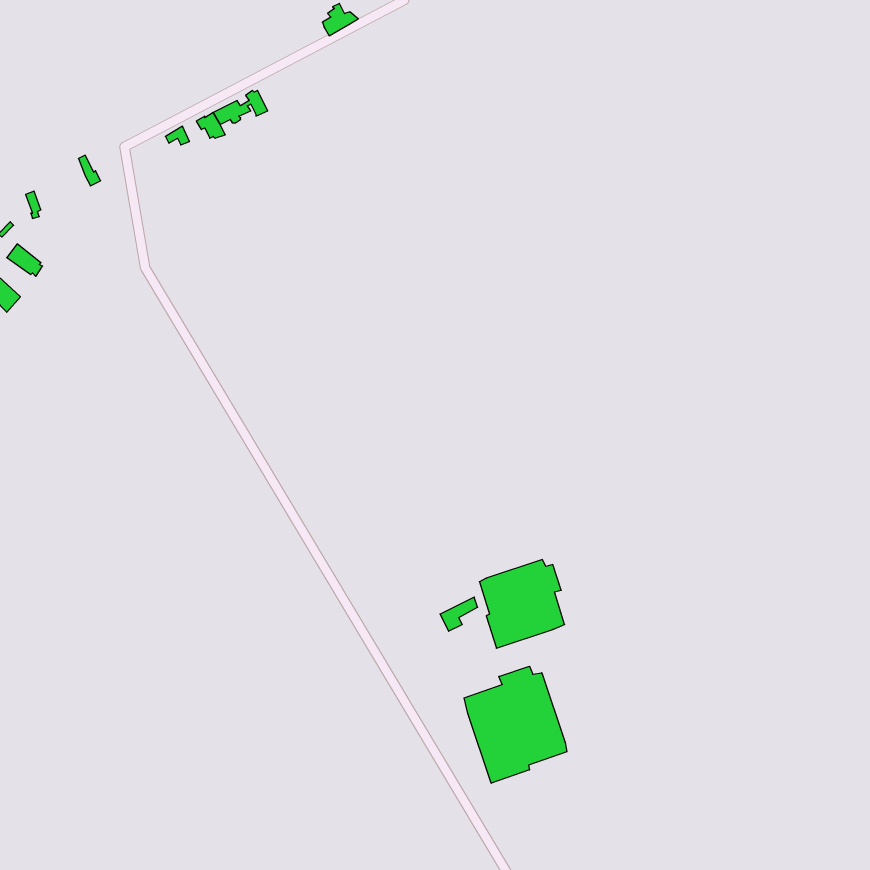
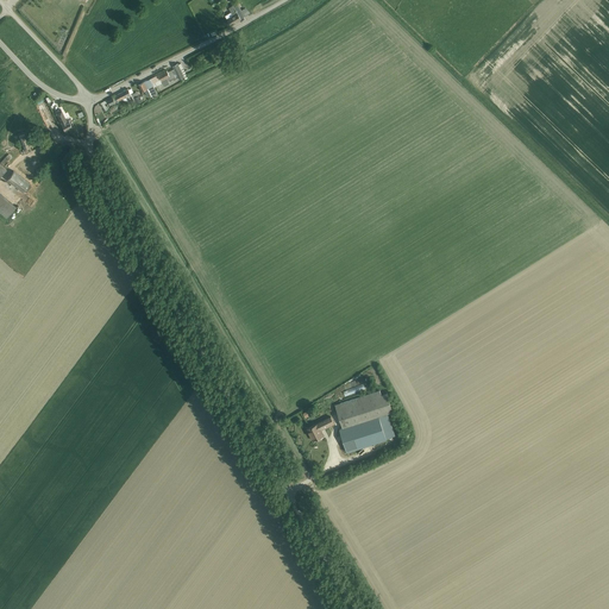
building: [464,666,567,783] -> none

